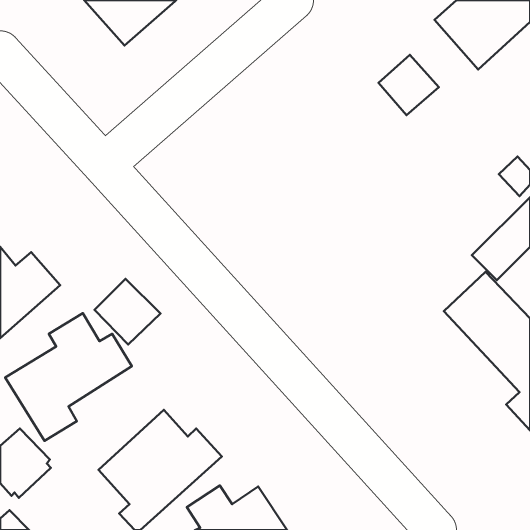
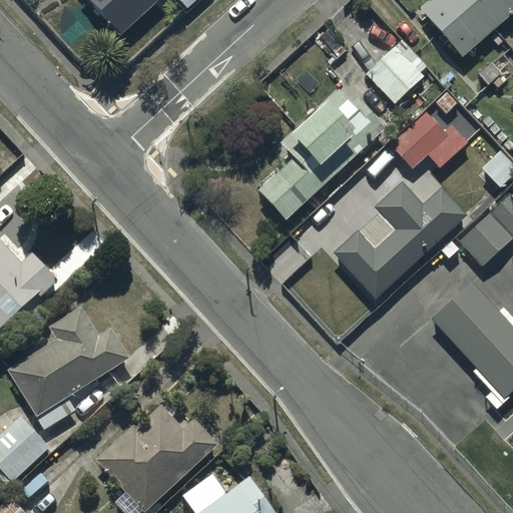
building: none -> [256,98,383,229]
building: none -> [392,114,468,170]
building: none -> [333,182,467,301]
building: [94,279,160,345] -> none

